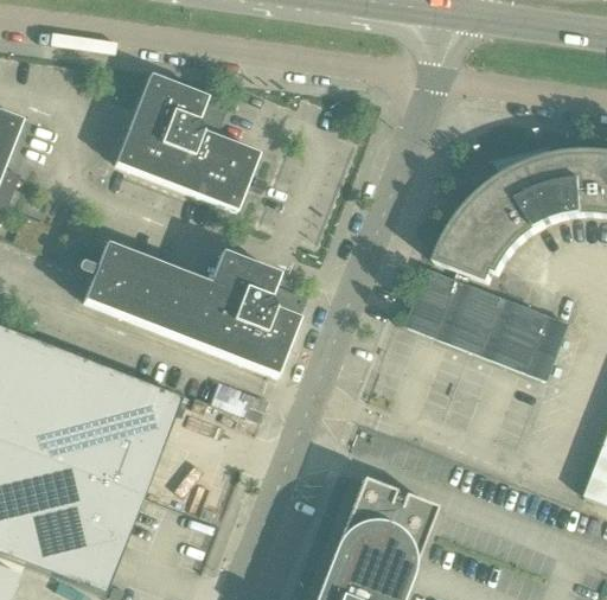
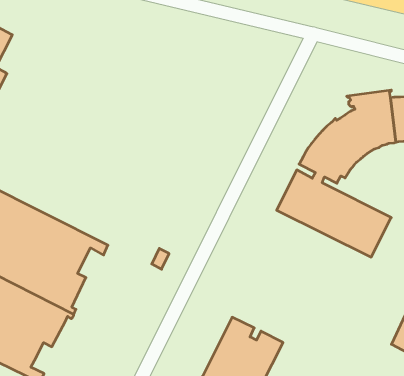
building: [114,74,264,210] -> none
building: [77,242,299,376] -> none

